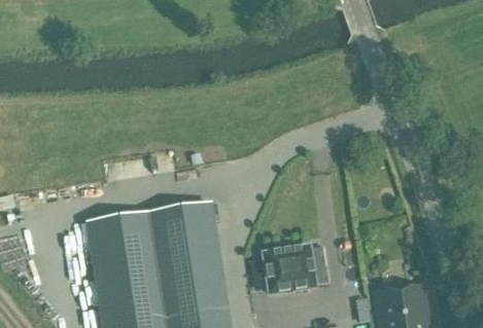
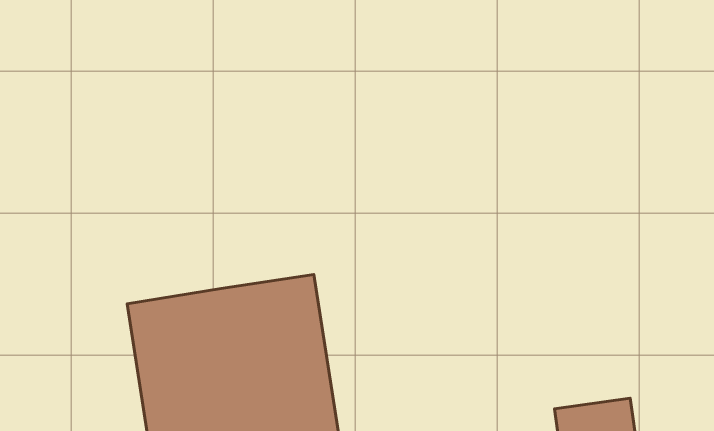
building: [264,244,327,293] -> none

